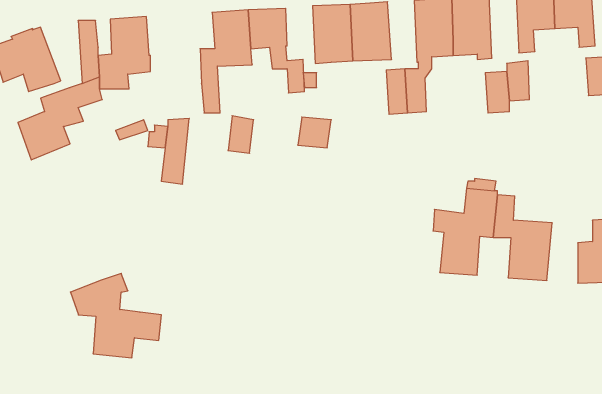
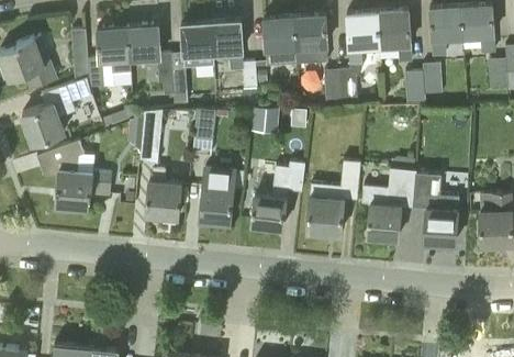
building: none -> [126,24,171,82]
building: none -> [306,159,360,233]
building: none -> [250,161,304,227]
building: none -> [145,167,180,217]
building: none -> [199,168,234,223]
building: [70,273,161,358] -> [36,140,111,209]

